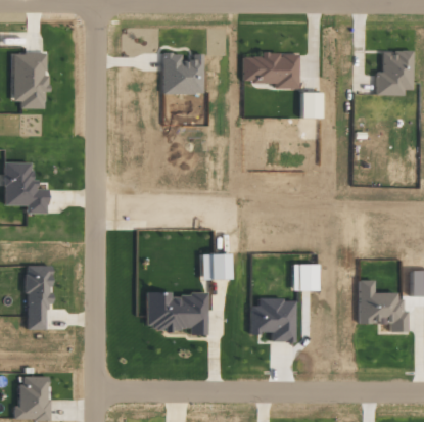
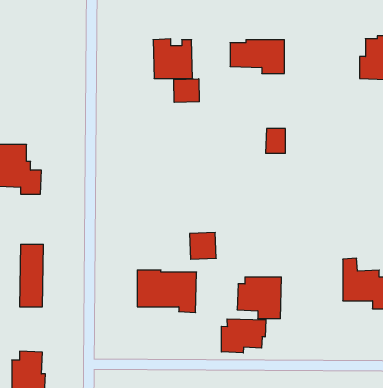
building: [12,52,47,108] -> none
building: [299,92,320,118] -> [266,129,285,153]
building: none -> [174,79,199,102]
building: [292,264,316,290] -> none
building: none -> [221,319,266,353]

